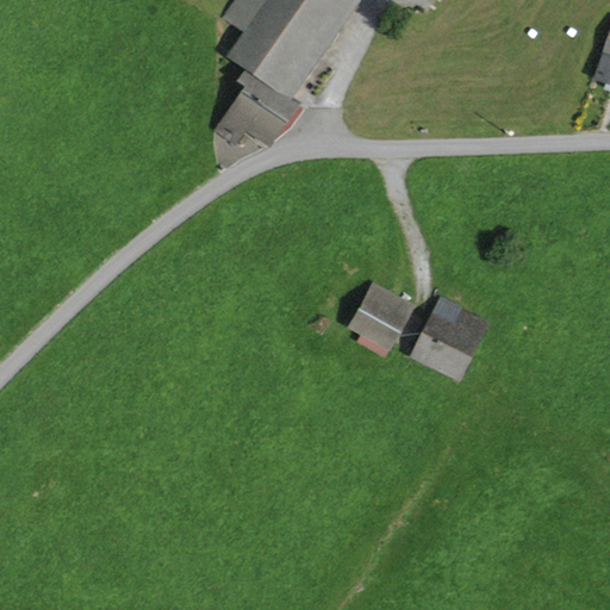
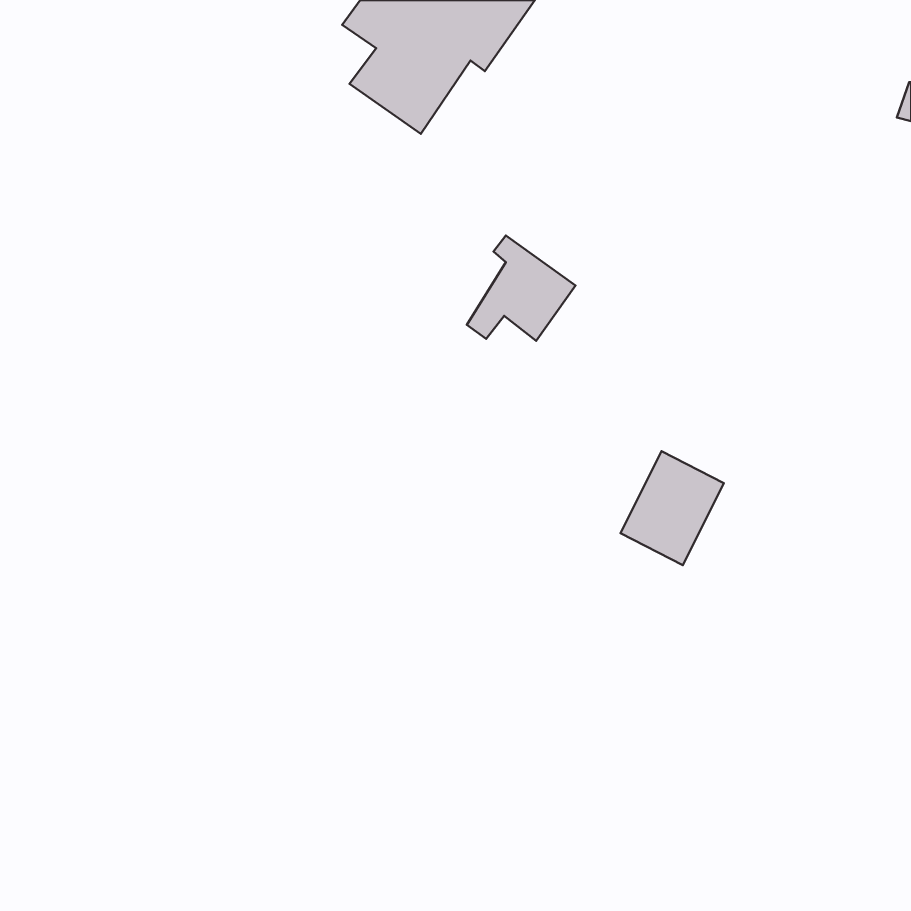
building: [222,71,294,142] -> [467,236,575,341]
building: [349,285,411,347] -> none

